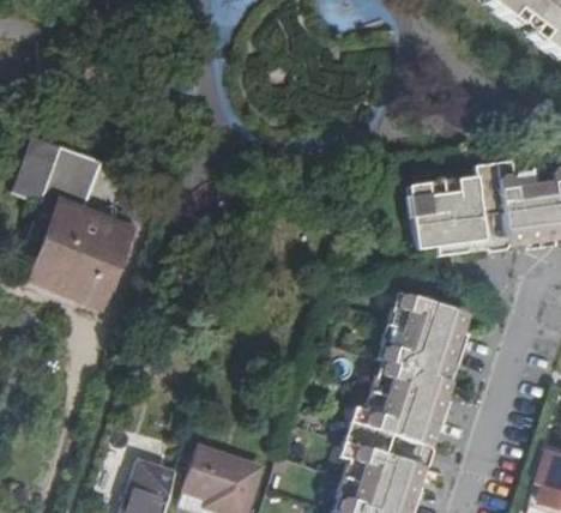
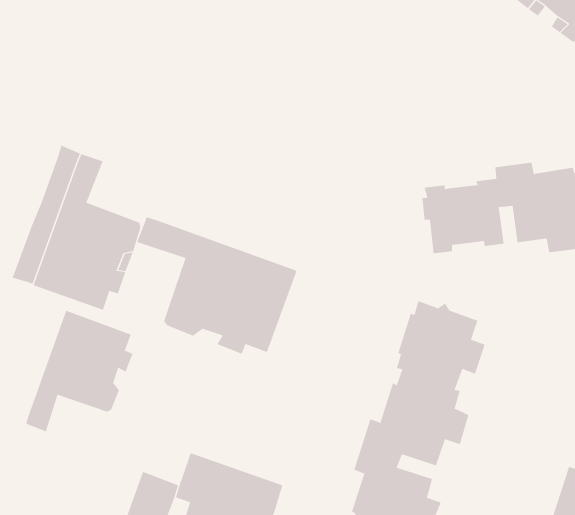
building: [17,137,62,203] -> none
building: none -> [137,217,297,355]
building: none -> [25,310,133,432]

